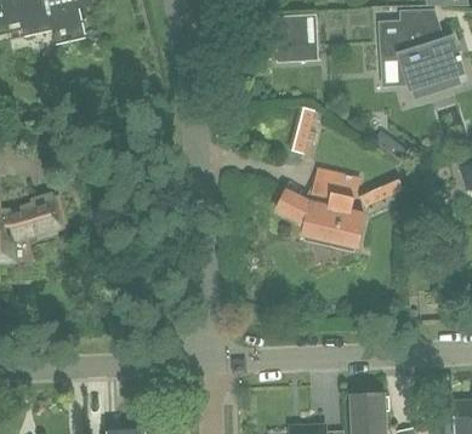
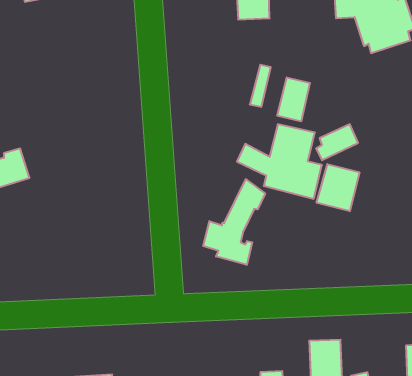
building: none -> [277,77,310,121]
building: none -> [317,164,359,211]
building: none -> [203,179,265,265]

